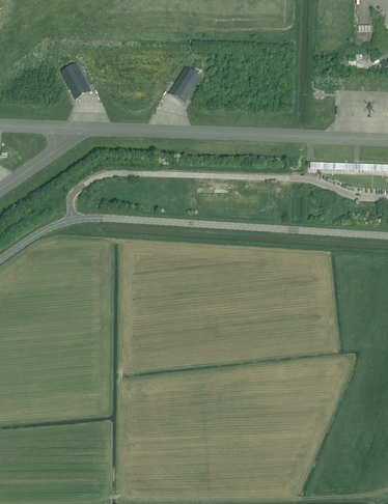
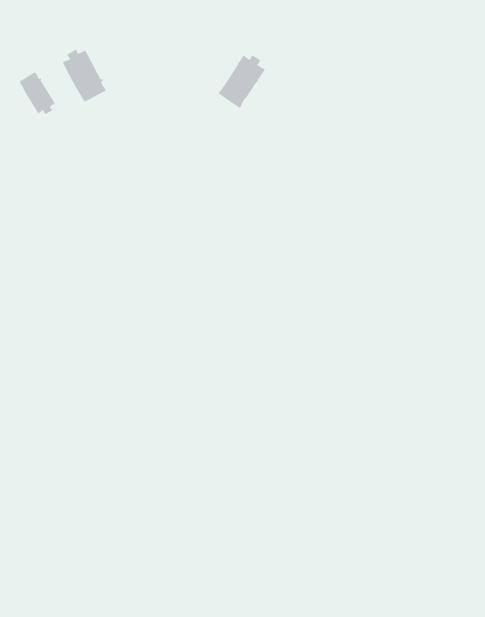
building: none -> [19,71,55,115]

